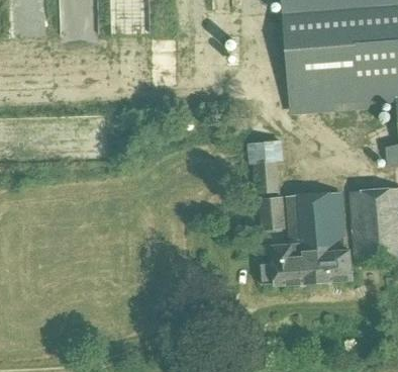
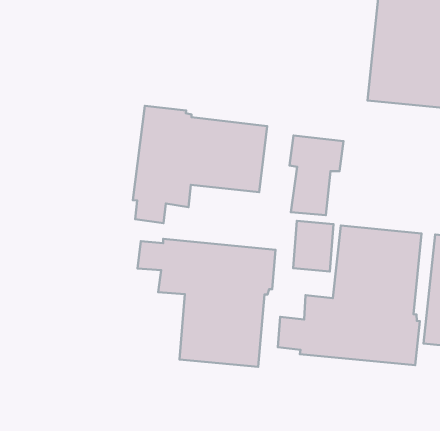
building: none -> [133,106,267,223]
building: none -> [138,239,275,367]

